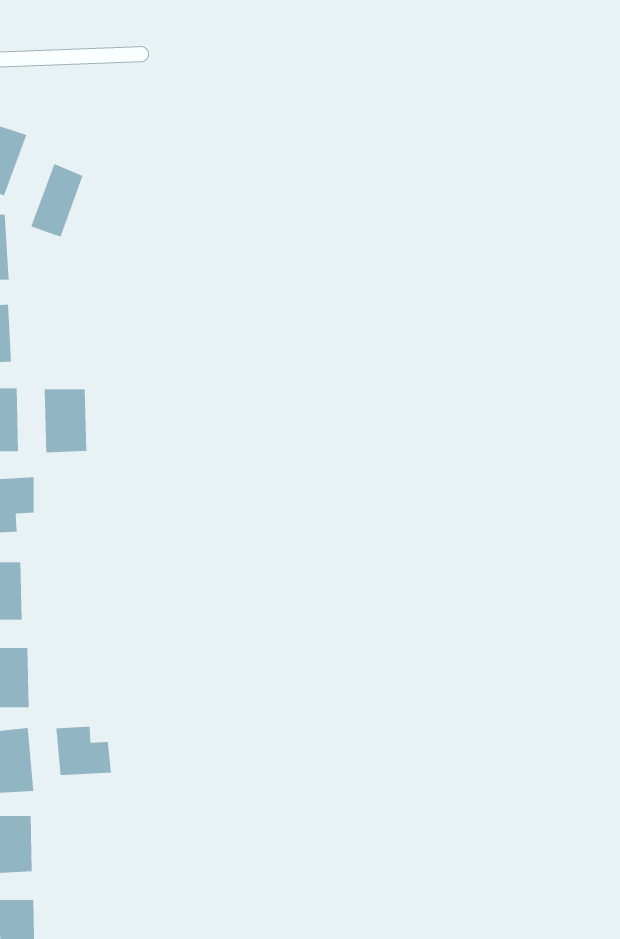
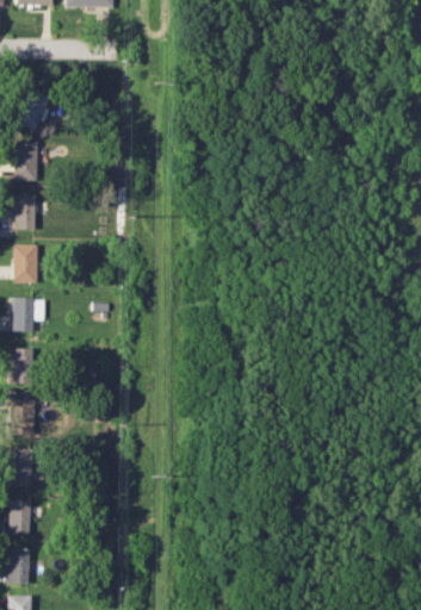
building: [31,163,83,237] -> none
building: [44,388,87,453] -> none
building: [56,726,111,776] -> none

